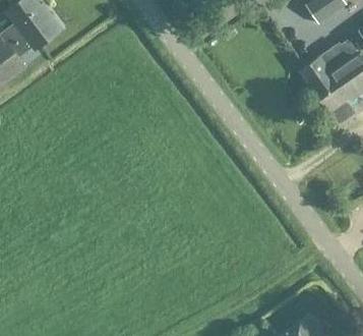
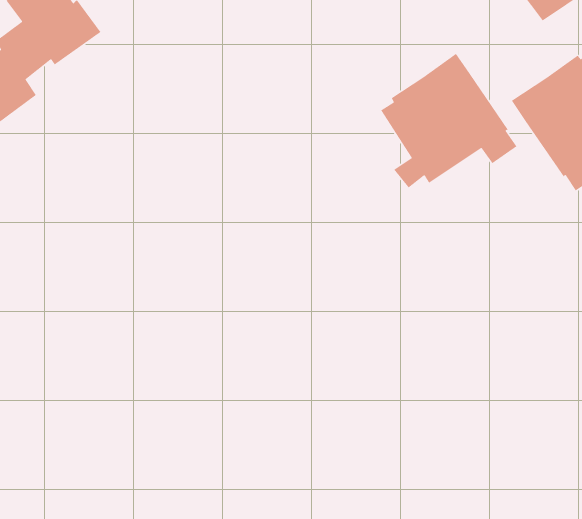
building: none -> [380,53,518,189]

